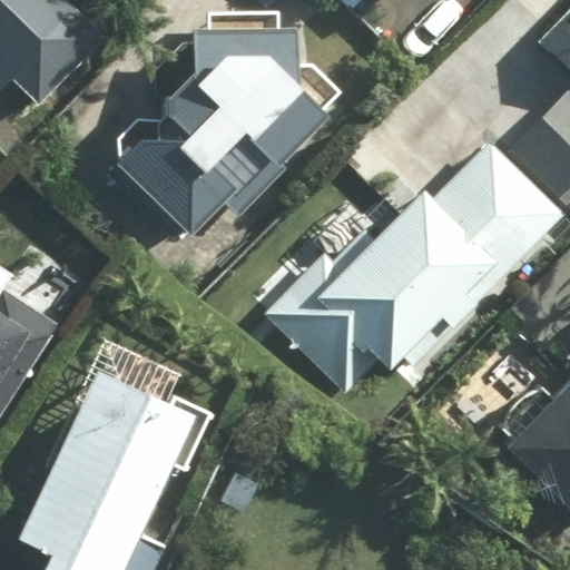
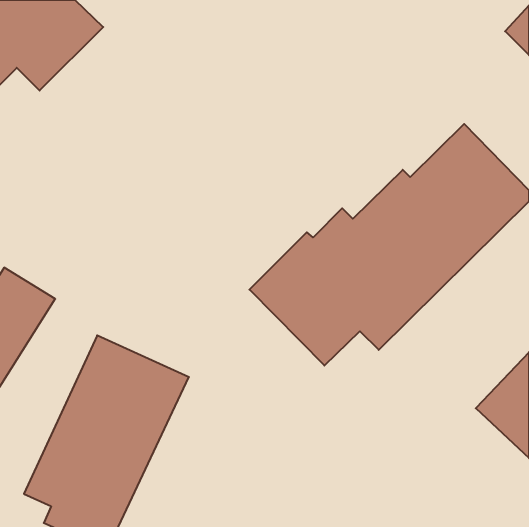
building: [100,20,326,226] -> none

